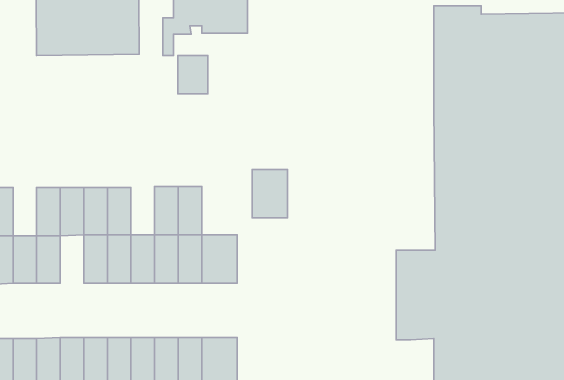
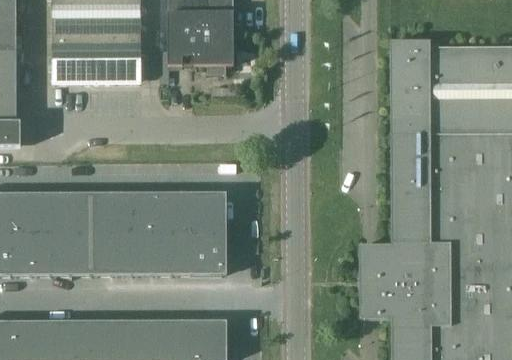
building: [178,56,208,94] -> none
building: [252,170,287,218] -> [193,192,223,233]
building: none -> [133,192,153,233]
building: none -> [33,193,53,234]
building: none -> [73,233,93,274]

